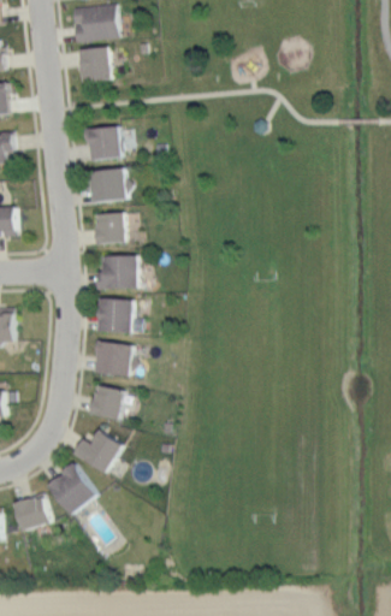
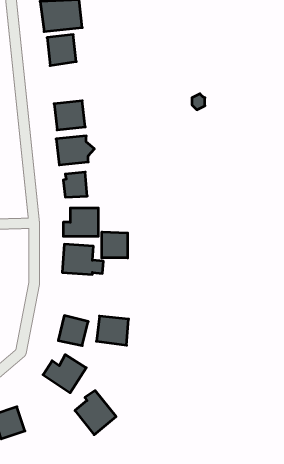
building: none -> [102,232,128,258]
building: [93,342,131,377] -> [96,316,129,345]
building: [47,462,96,515] -> [75,391,116,435]

